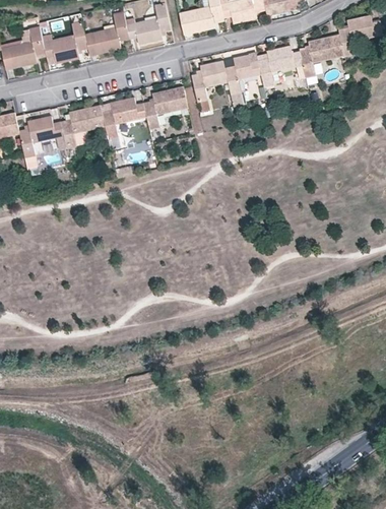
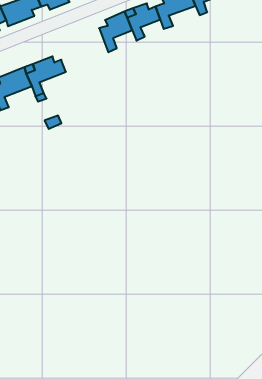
building: [142,86,187,130] -> none

